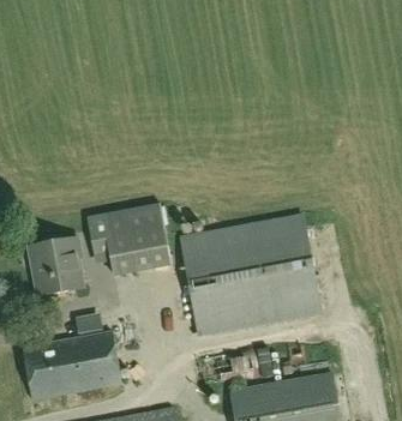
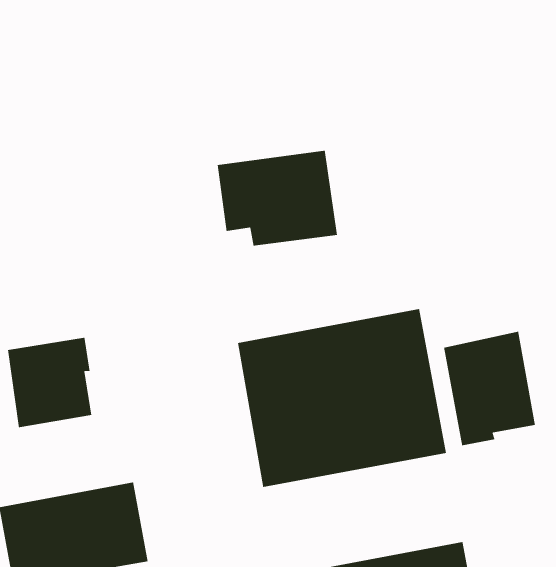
building: [89,199,169,263] -> [217,150,338,246]
building: none -> [443,331,535,446]

